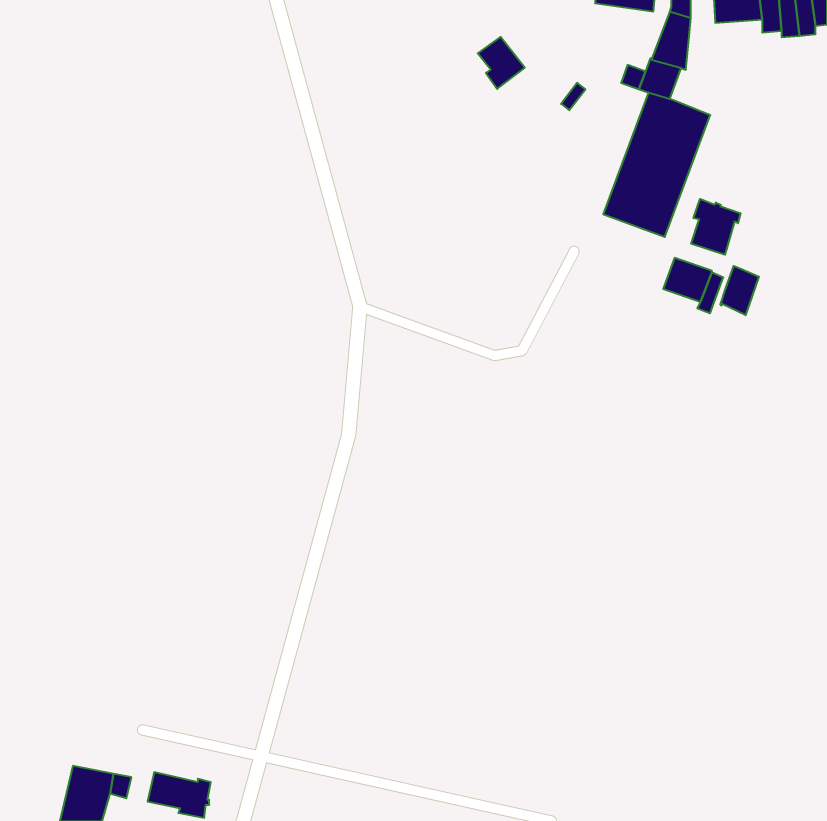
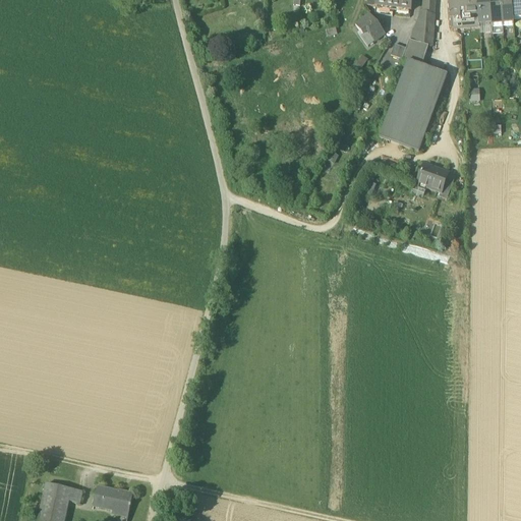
building: [478,37,525,89] -> [354,10,384,43]
building: [691,199,740,255] -> none
building: [720,266,759,315] -> none

